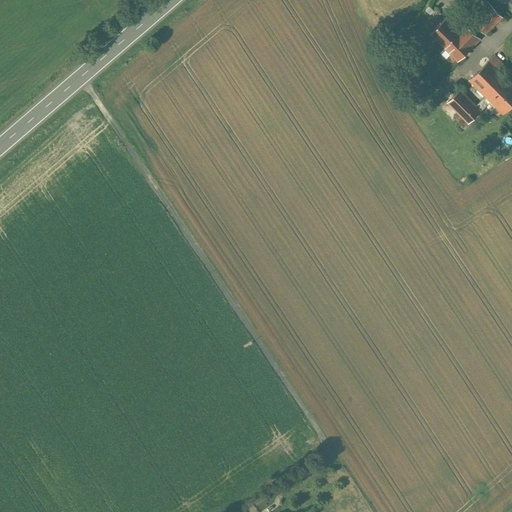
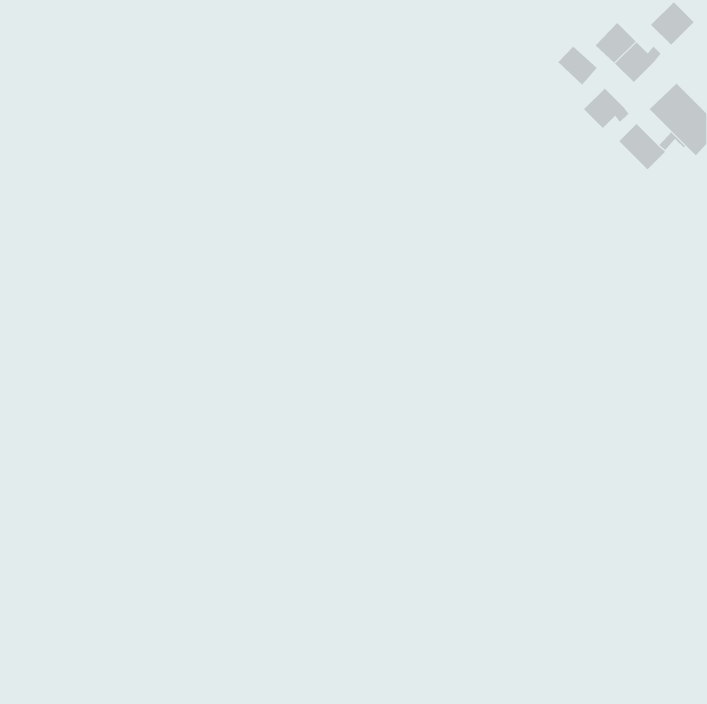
building: none -> [558,46,598,85]
building: none -> [583,88,629,129]

